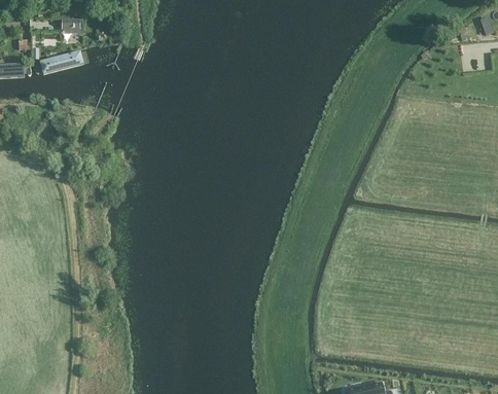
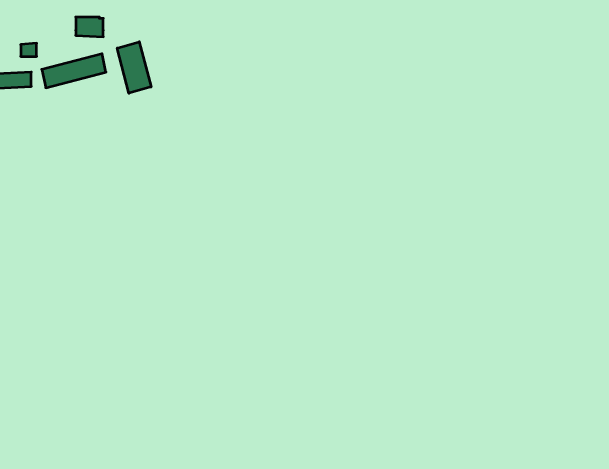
building: none -> [117,42,151,93]

